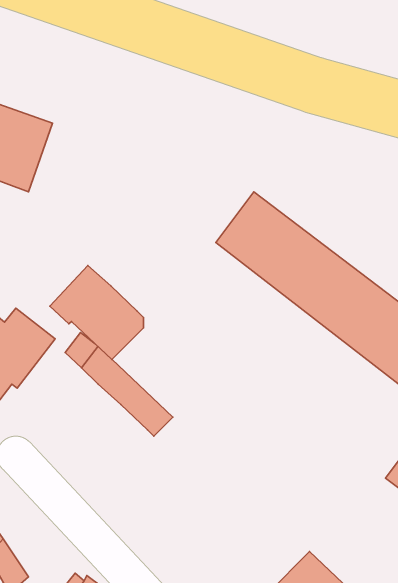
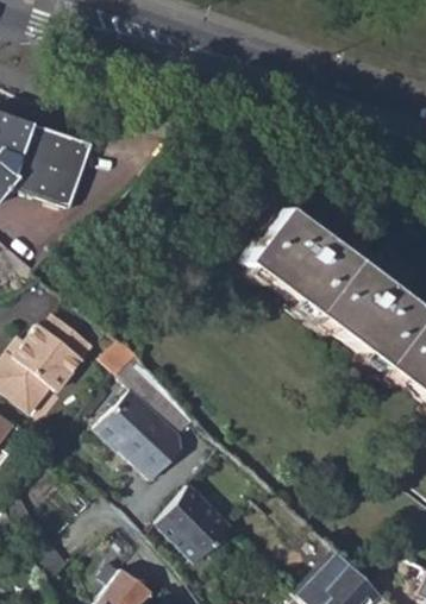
building: [50,266,144,359] -> [98,389,186,477]
building: none -> [158,485,234,559]

